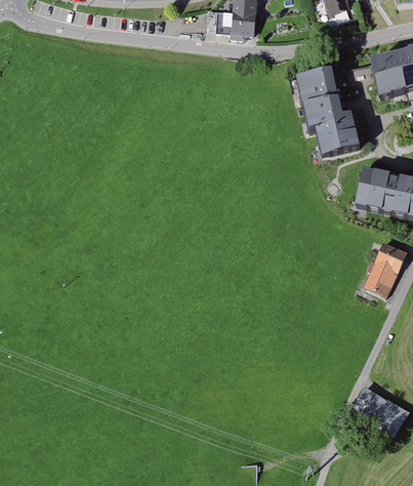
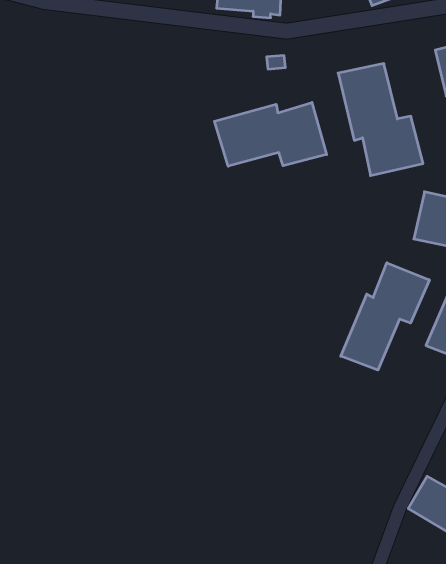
building: none -> [214,102,327,166]
building: none -> [341,263,429,370]

